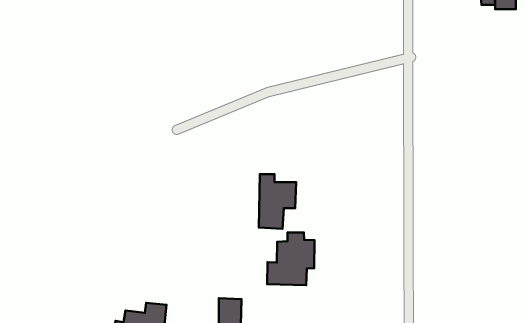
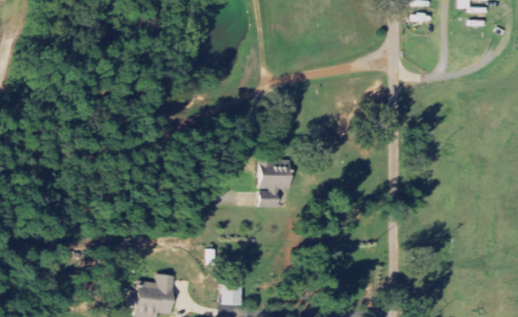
building: [267,233,314,285] -> none

